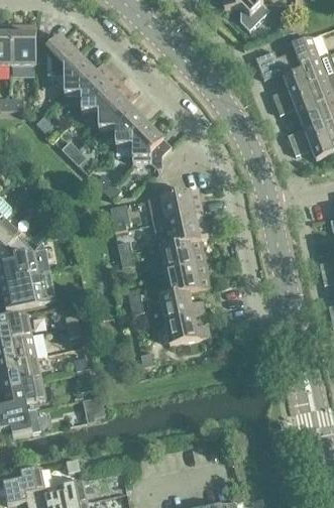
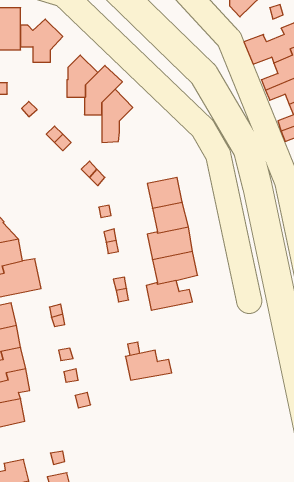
building: [64,52,94,95] -> none
building: [131,122,171,168] -> none
building: [163,314,209,344] -> [125,350,172,380]

